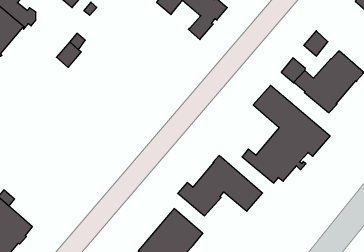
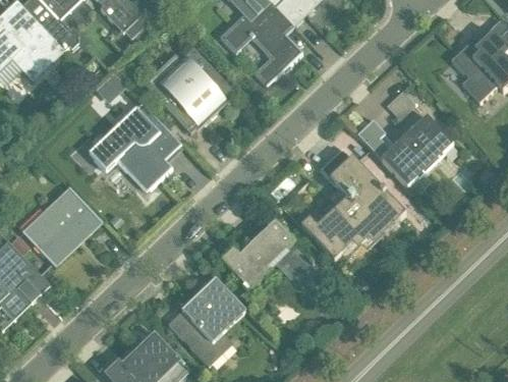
building: none -> [143,47,234,131]
building: none -> [90,103,179,189]
building: none -> [22,187,101,265]

